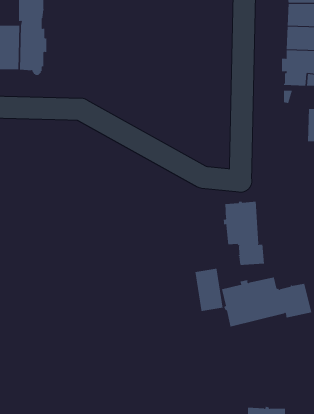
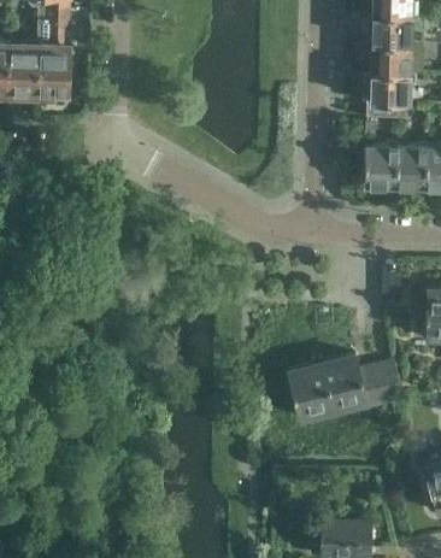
building: none -> [364,147,398,189]
building: [223,201,264,266] -> none
building: [195,268,223,312] -> none

